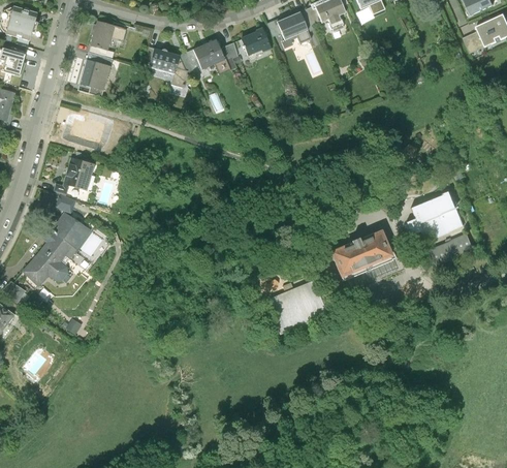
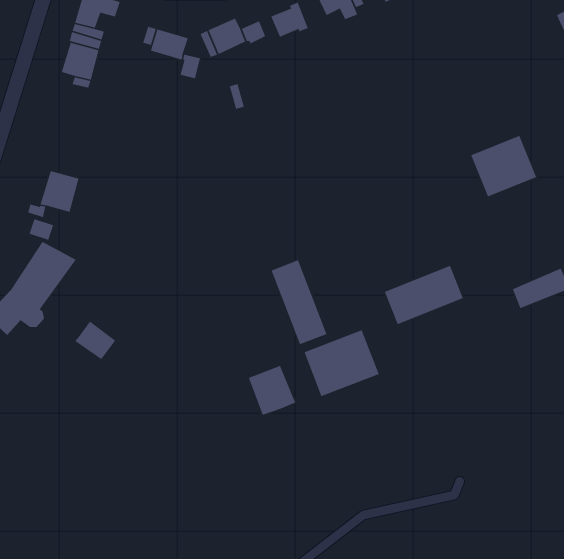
building: [69,115,109,150] -> none
building: [411,192,463,241] -> [470,135,537,198]
building: none -> [270,259,328,345]
building: none -> [74,321,116,360]
building: none -> [248,365,296,416]

